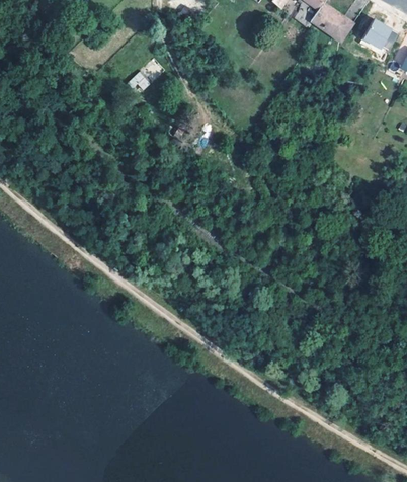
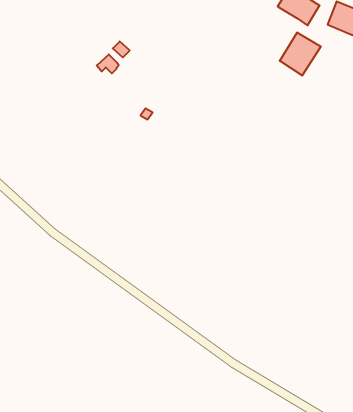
building: none -> [280,32,321,76]

